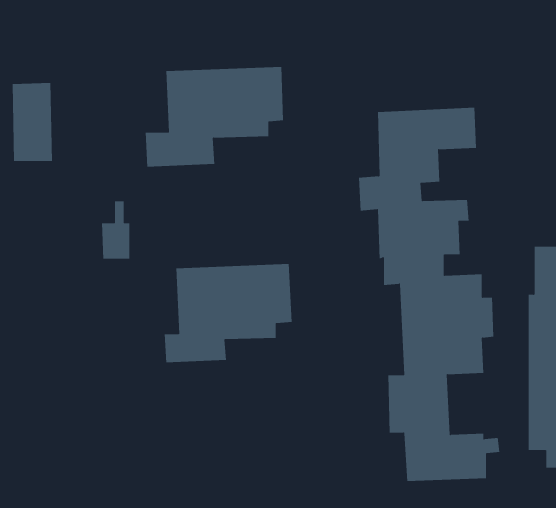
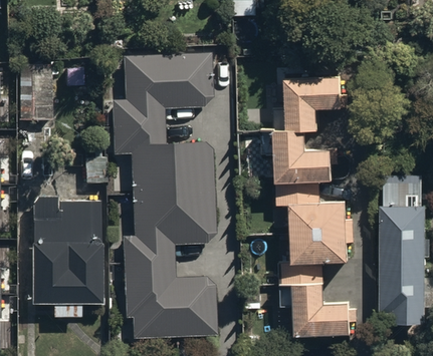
building: none -> [116,119,214,191]
building: none -> [27,202,101,312]
building: none -> [129,254,215,329]

